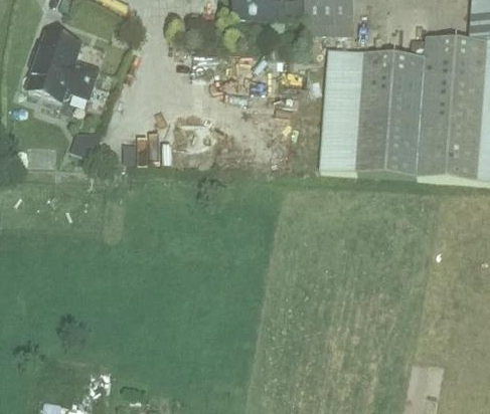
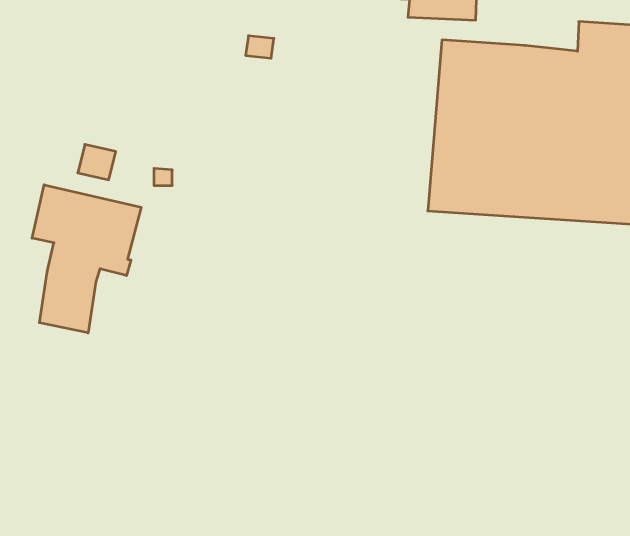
building: [29,32,99,100] -> none
building: none -> [32,185,141,333]

